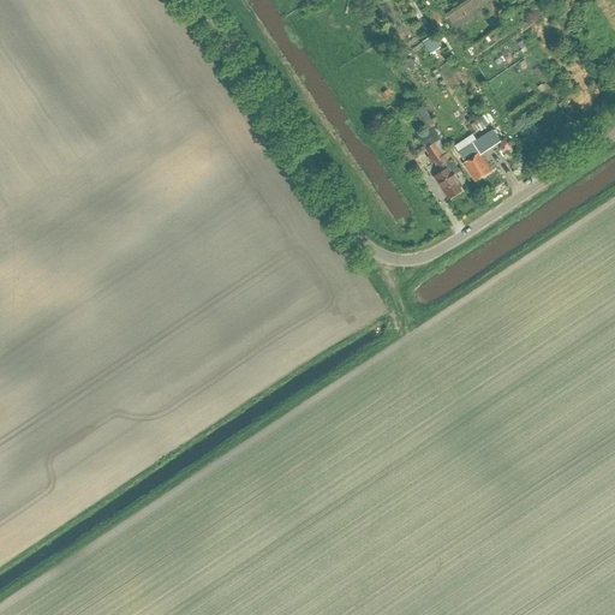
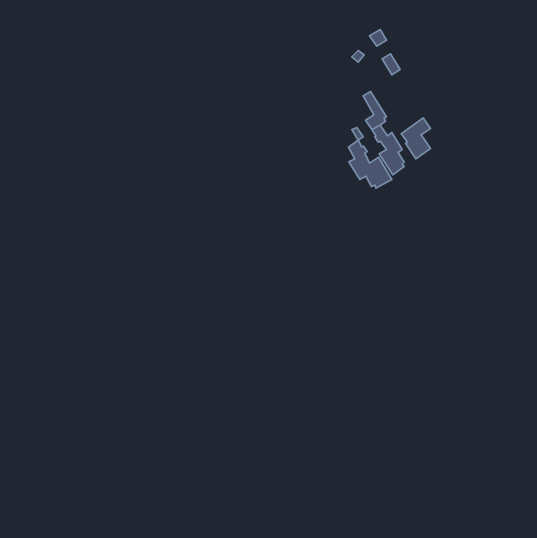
building: none -> [348,140,392,188]

